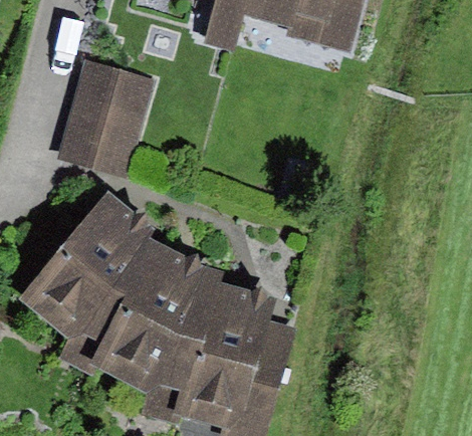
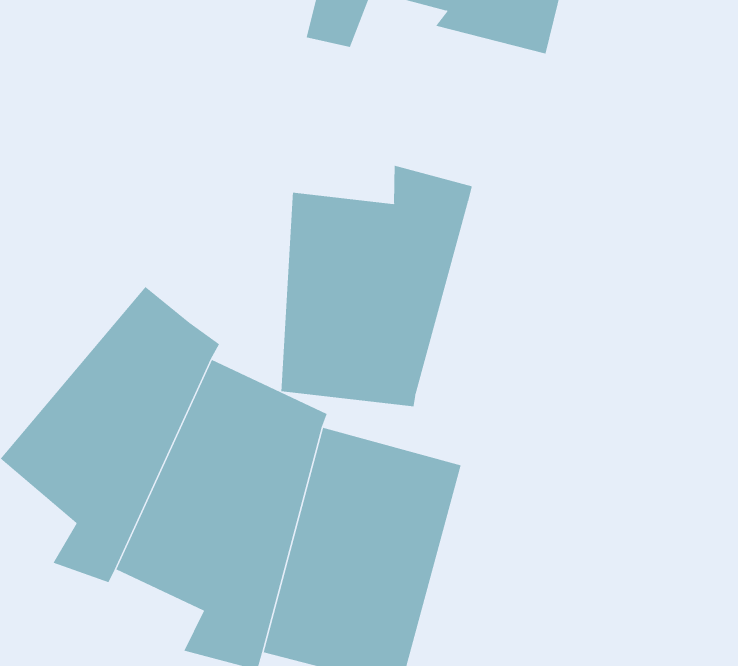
building: [55,56,151,173] -> none
building: none -> [281,165,473,407]

